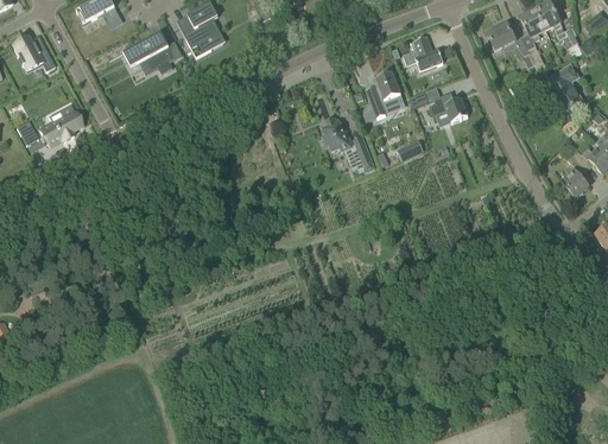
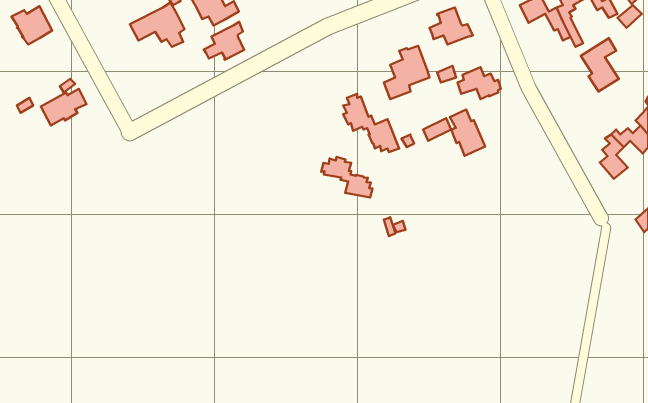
building: none -> [204,22,244,60]
building: none -> [450,109,485,156]
building: none -> [321,157,372,198]

